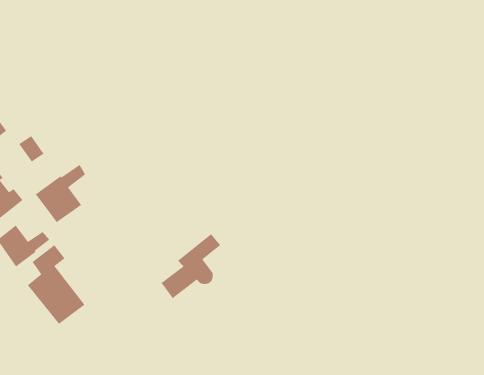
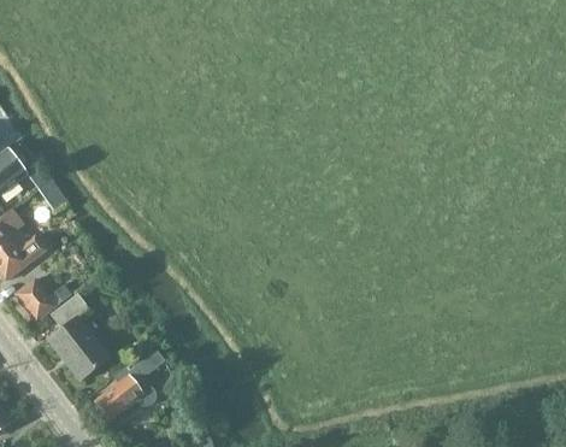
building: [35,164,86,223] -> none
building: [160,233,221,299] -> [95,346,161,418]

